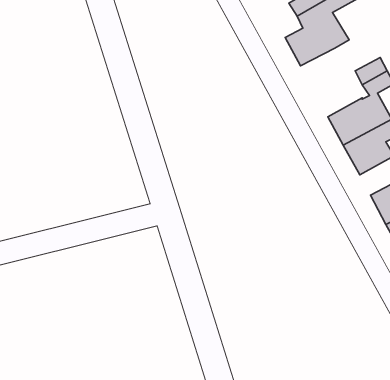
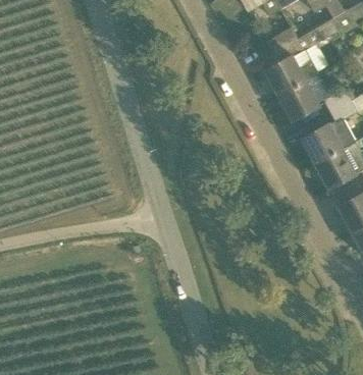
building: none -> [277,79,320,120]

